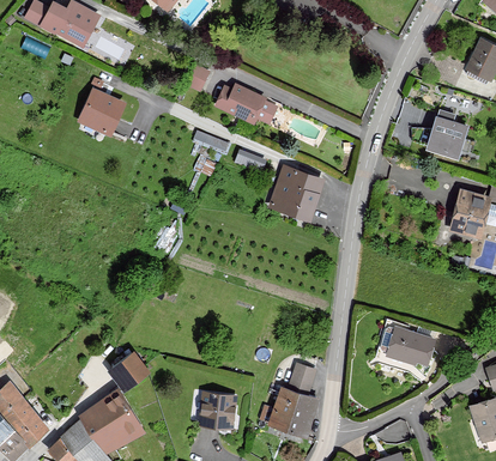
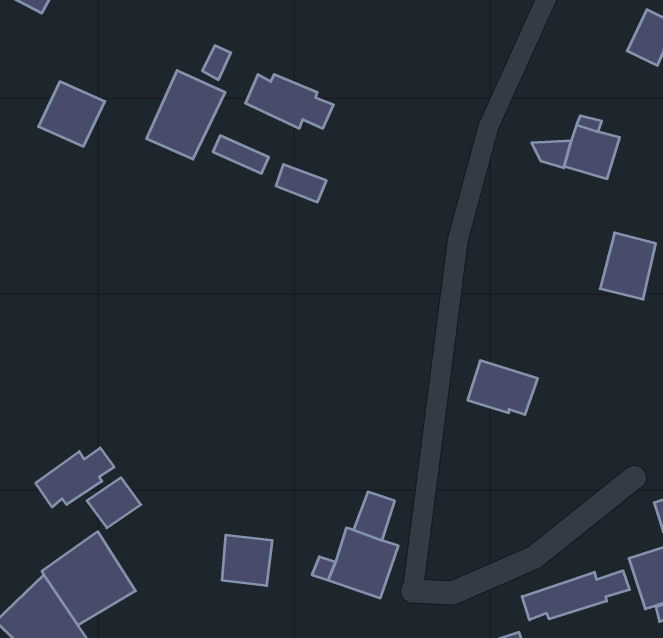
building: none -> [147,70,225,159]
building: [271,168,320,216] -> none
building: [387,328,434,364] -> [468,361,538,415]
building: none -> [36,448,114,507]
building: none -> [522,571,630,620]

